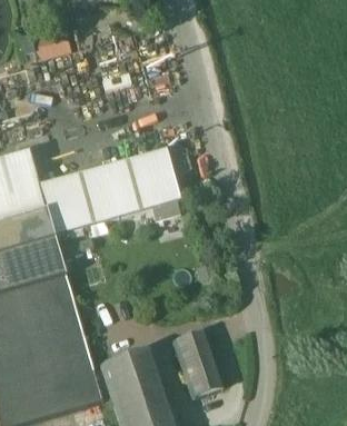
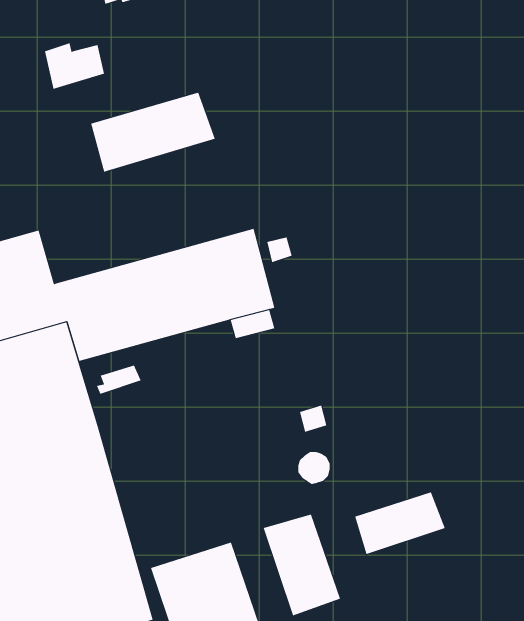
building: none -> [90,92,215,173]
building: none -> [354,492,446,555]

